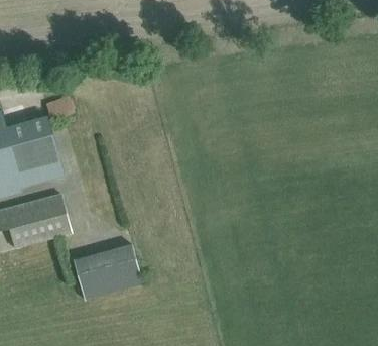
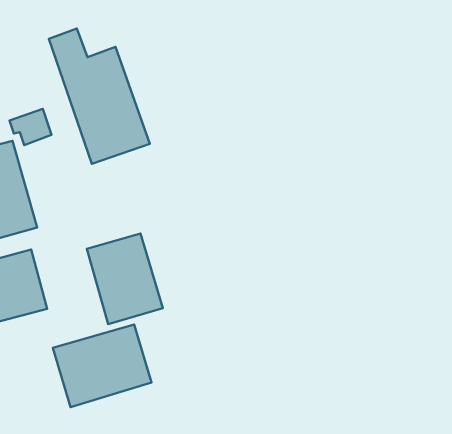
building: none -> [49,29,150,164]
building: none -> [87,233,163,324]

